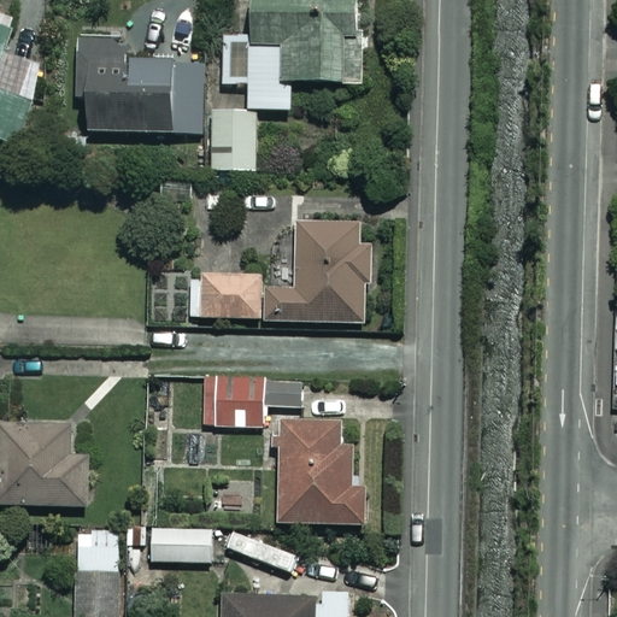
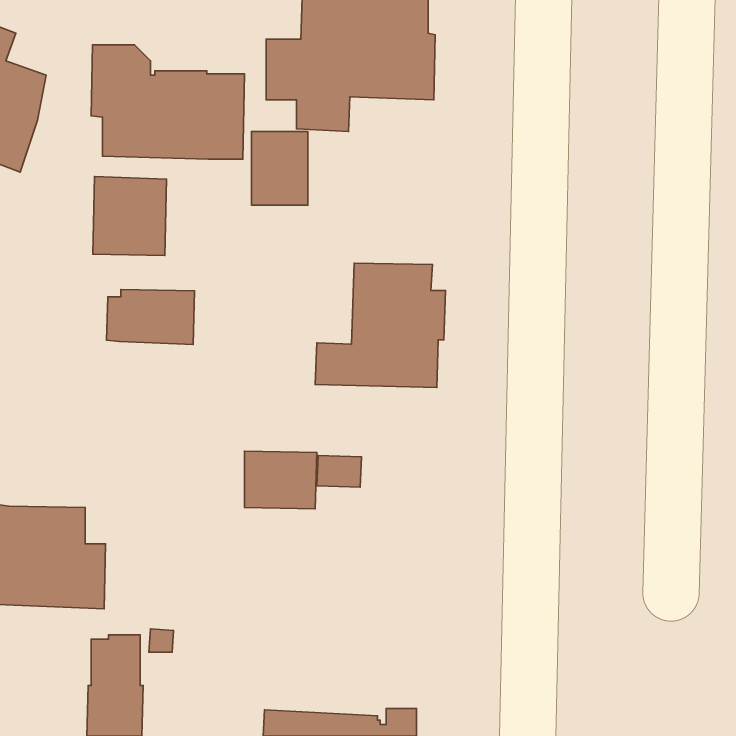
building: none -> [93,176,166,255]
building: [188,272,262,318] -> [106,289,195,344]
building: [271,419,365,524] -> none
building: [151,527,212,563] -> none

